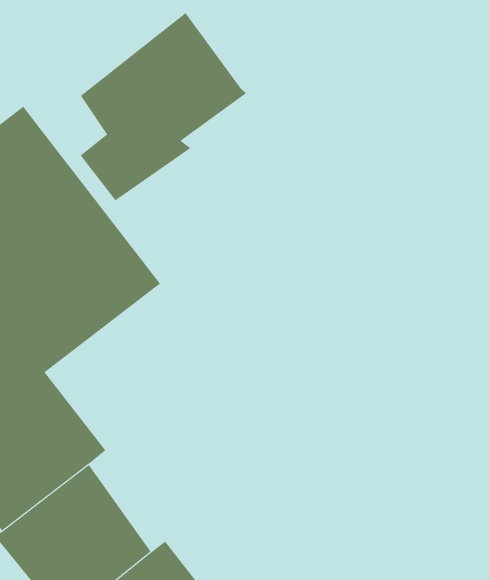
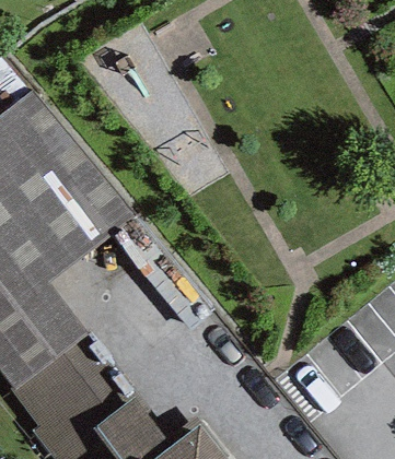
building: [80,12,247,201] -> none

